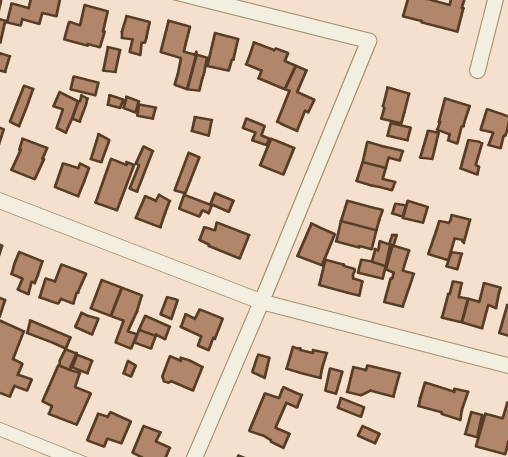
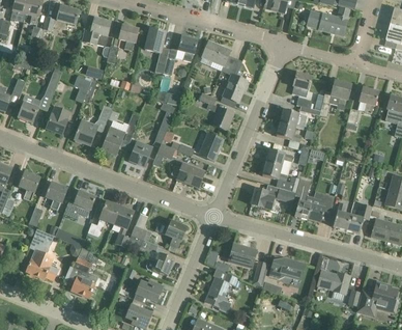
building: [428,215,470,260] -> [307,193,335,223]
building: [297,223,335,265] -> [198,133,223,161]
building: [87,412,131,446] -> [134,280,163,303]

